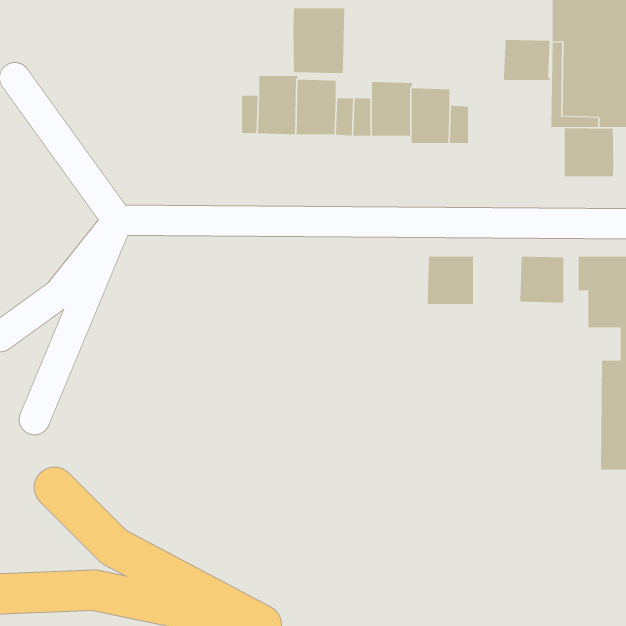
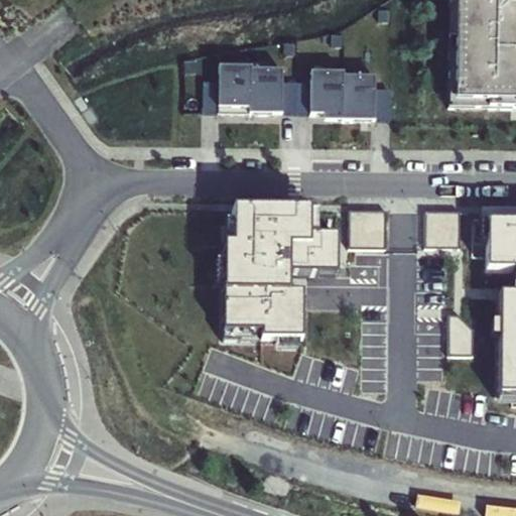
building: [293,7,345,74] -> none
building: [503,39,551,81] -> none
building: [564,127,614,177] -> none
building: none -> [226,206,342,338]

